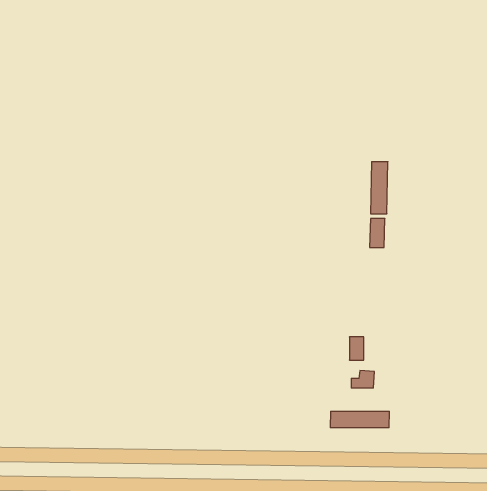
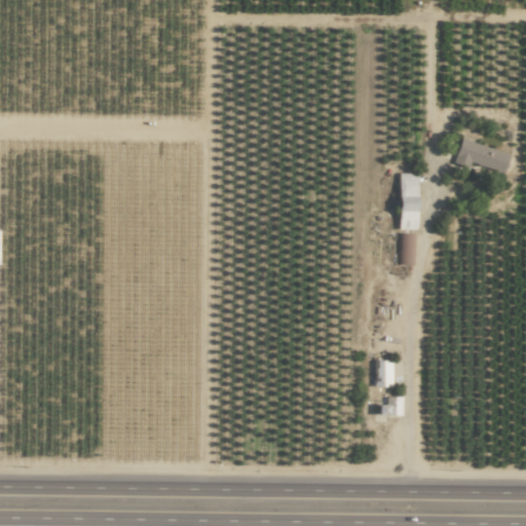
building: none -> [457,140,513,171]
building: [330,411,389,428] -> none

